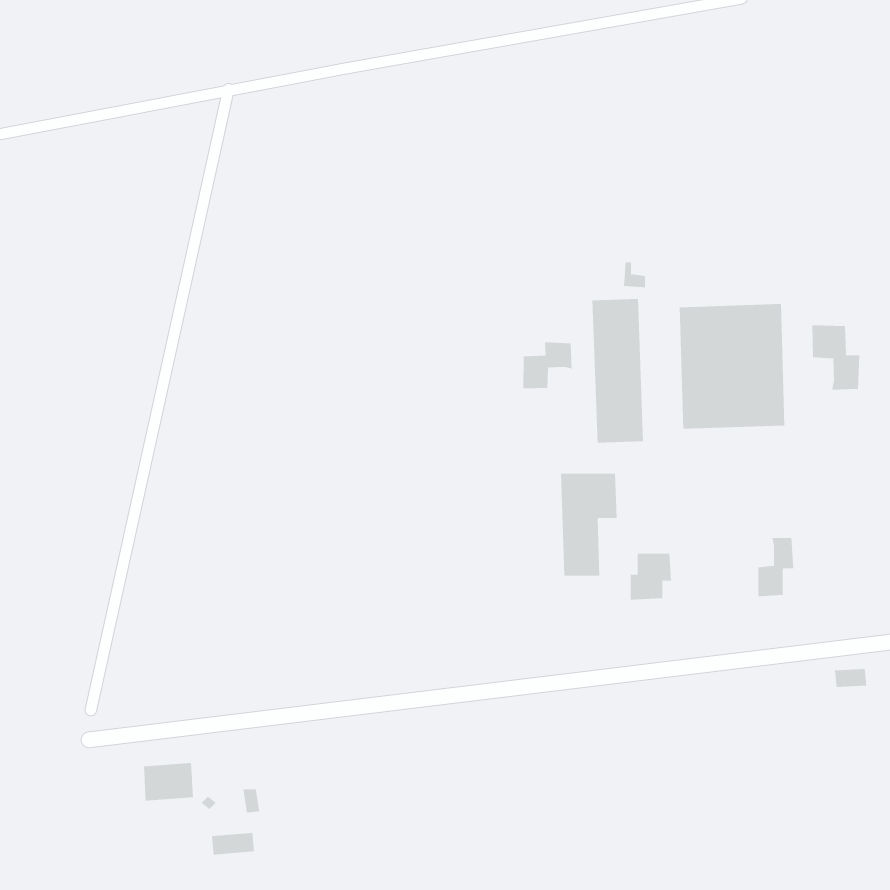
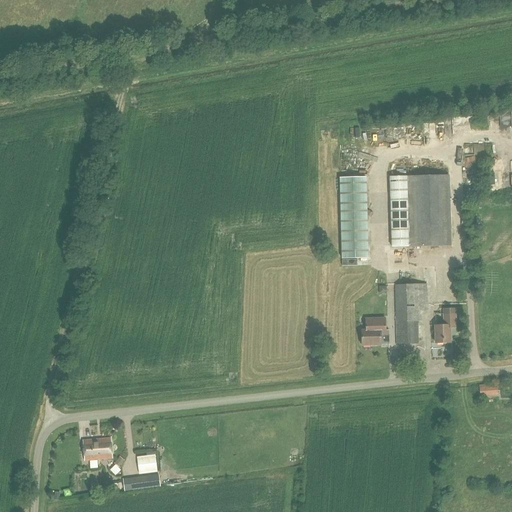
building: [812,324,860,390] -> none
building: [523,342,572,389] -> none
building: [560,473,618,576] -> [394,283,427,342]

